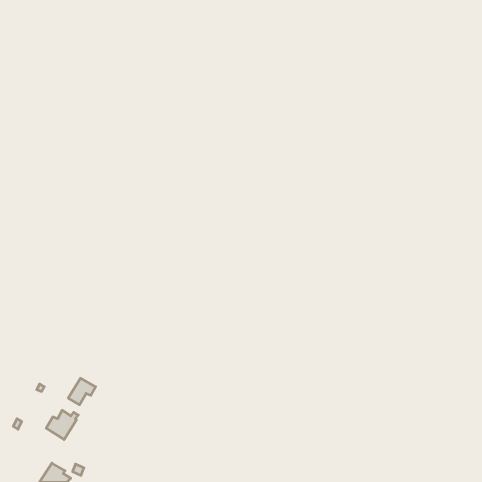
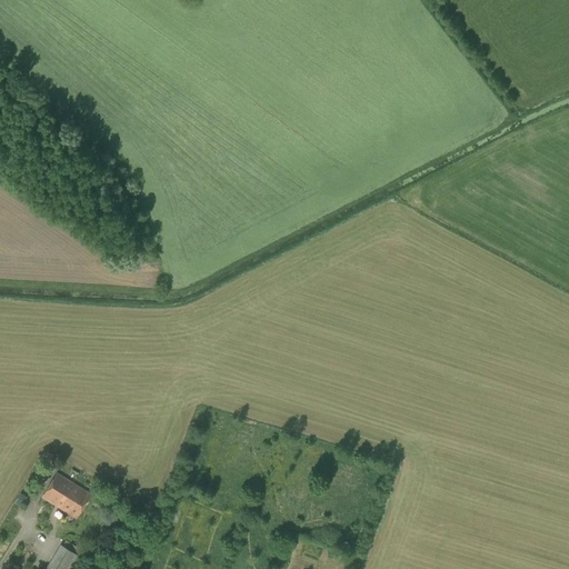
building: [68,378,96,405] -> [41,473,73,505]

